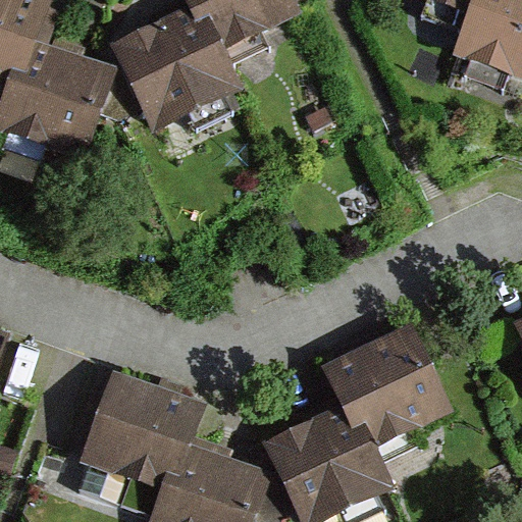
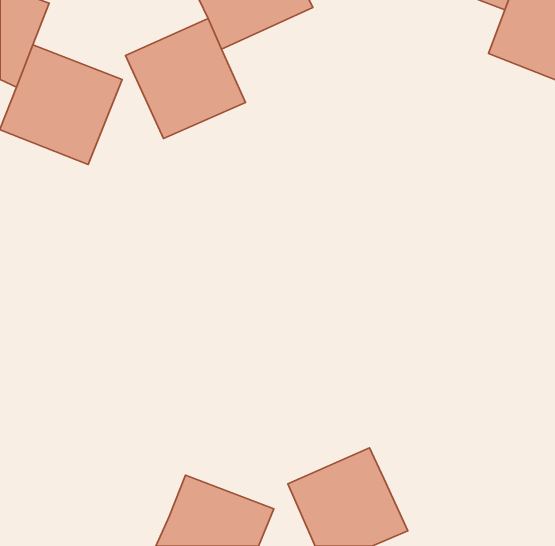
building: [327,334,446,448] -> none
building: [75,372,191,483] -> none

